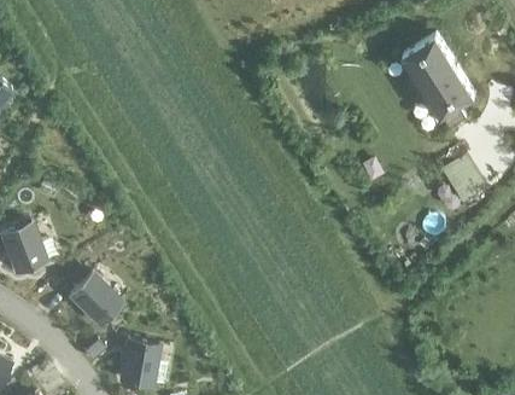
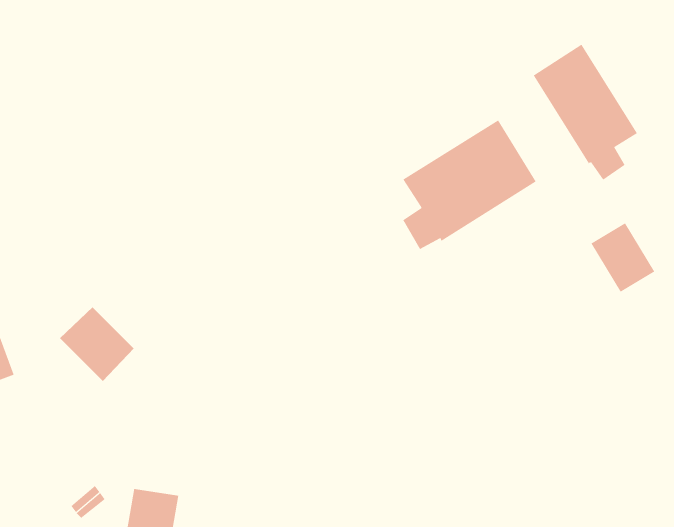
building: none -> [403,119,537,250]
building: [70,274,122,326] -> [59,307,134,382]

